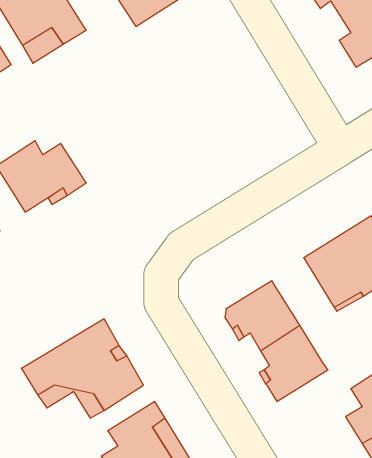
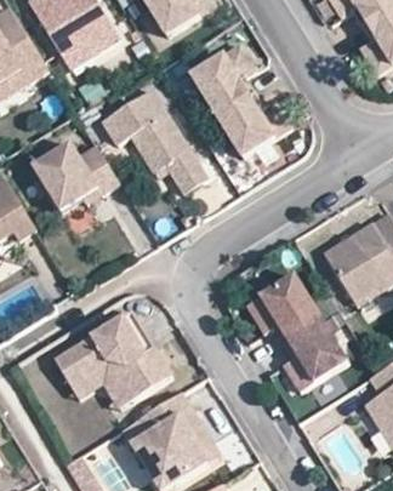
building: none -> [189,41,289,154]
building: none -> [99,87,205,192]

